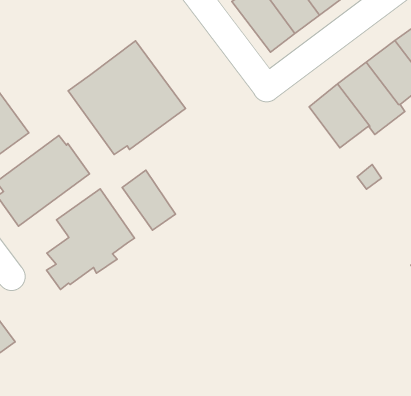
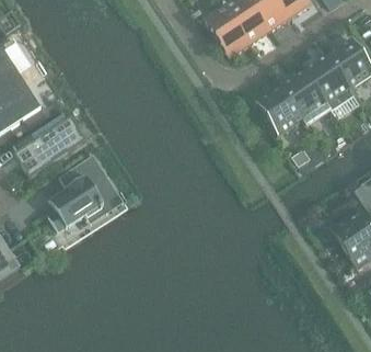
building: [68,41,185,155] -> none
building: [122,170,176,230] -> none

